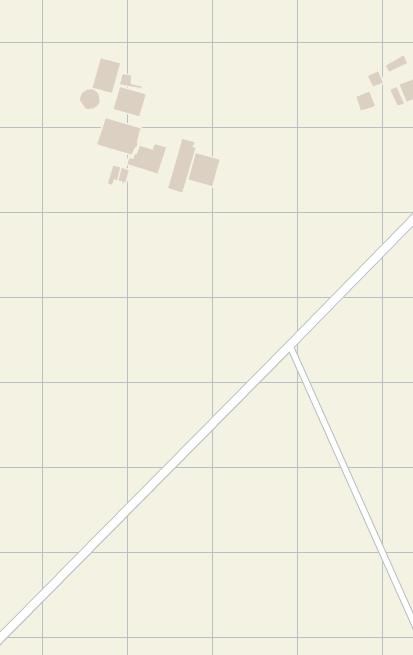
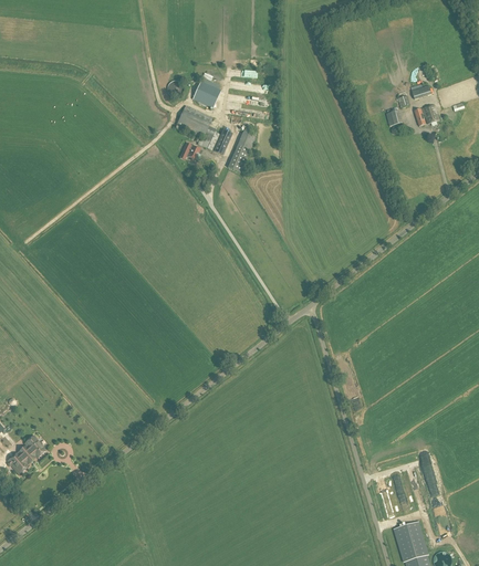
building: [92,57,121,94] -> none
building: [188,152,220,187] -> none

